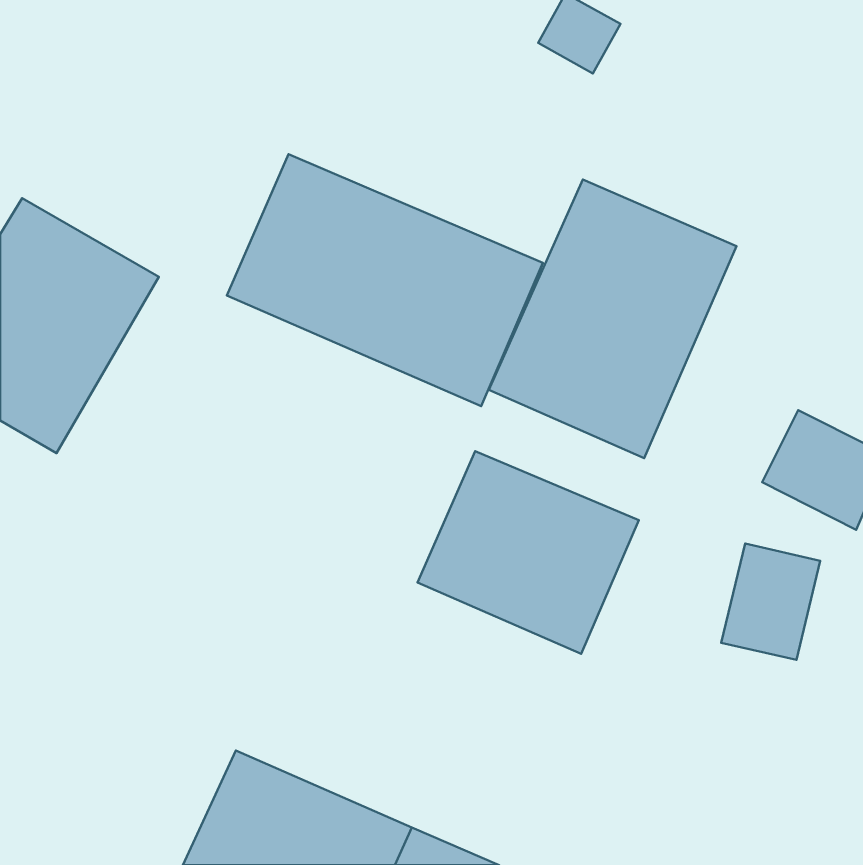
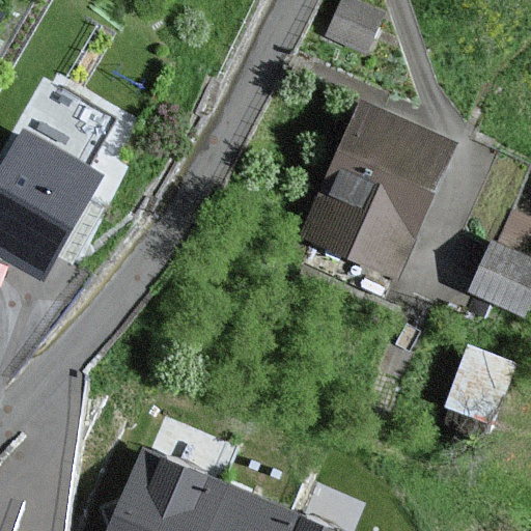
building: [227,154,543,406] -> none
building: [418,451,639,654] -> none

